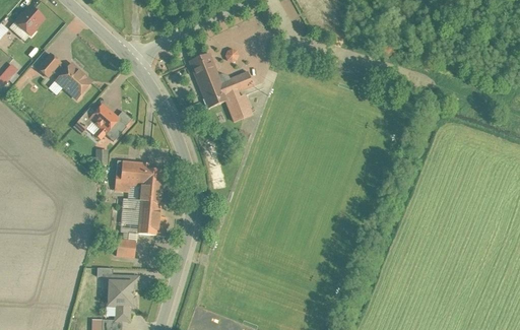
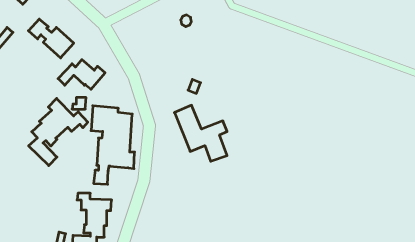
building: [188,52,253,121] -> [174,105,227,161]
building: none -> [29,98,88,166]

